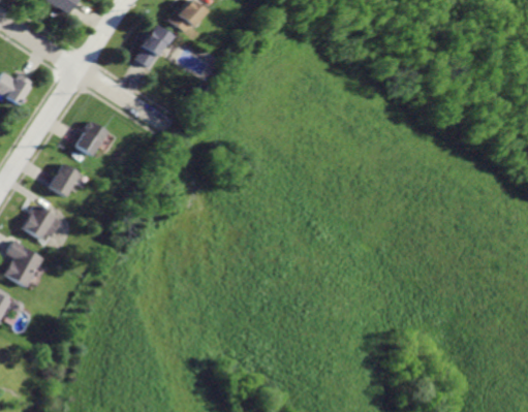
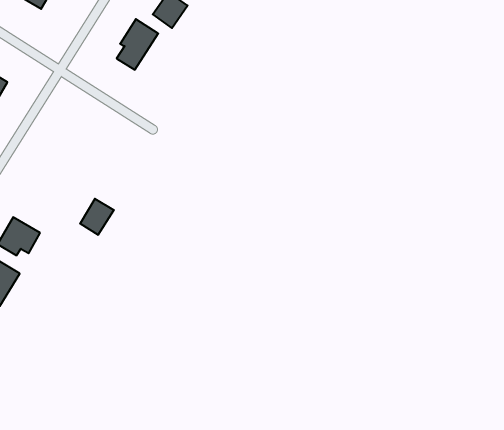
building: [77,123,107,156] -> none
building: [53,164,84,197] -> [80,199,114,235]

